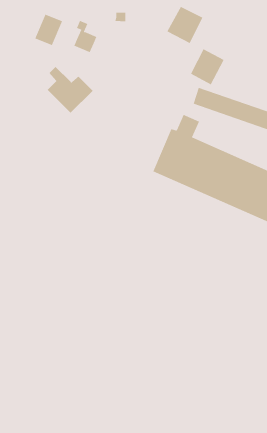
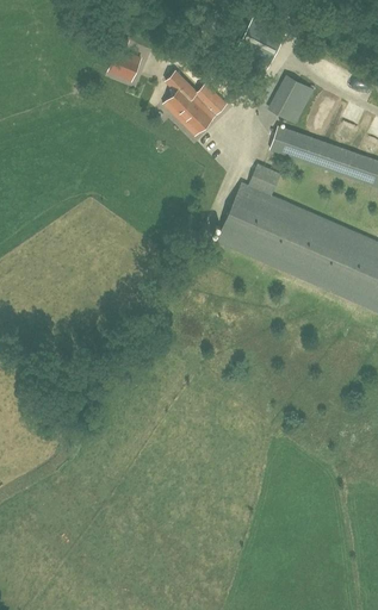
building: [35,14,63,46] -> none
building: [47,66,93,114] -> [163,70,227,135]

